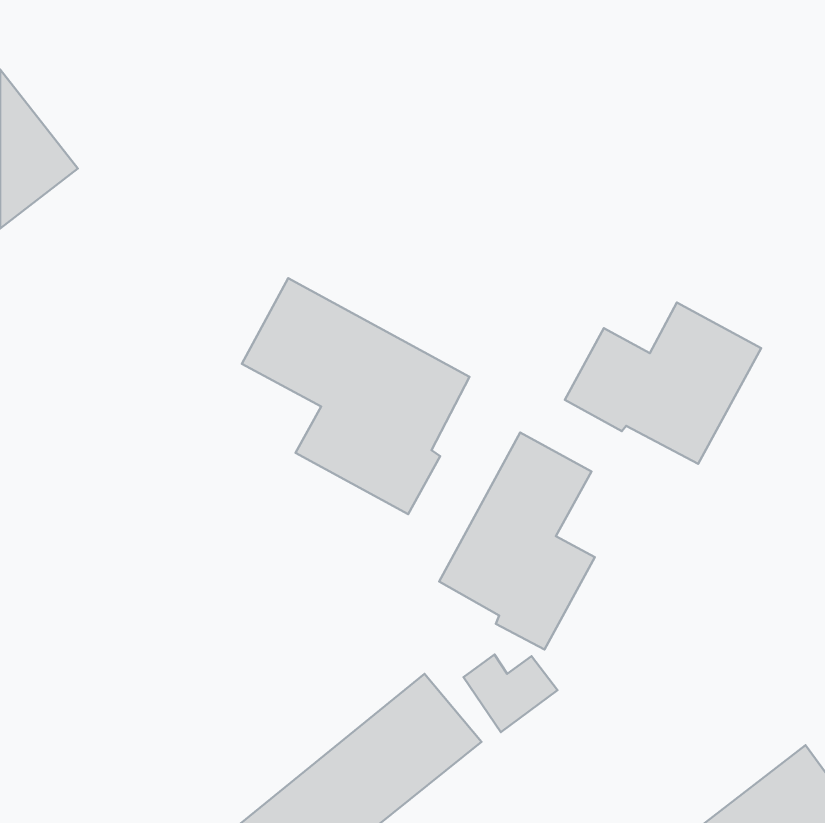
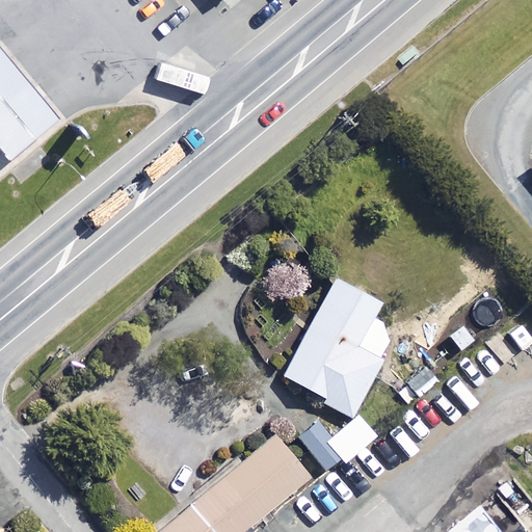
building: [242,278,470,514] -> none
building: [565,302,761,464] -> none

